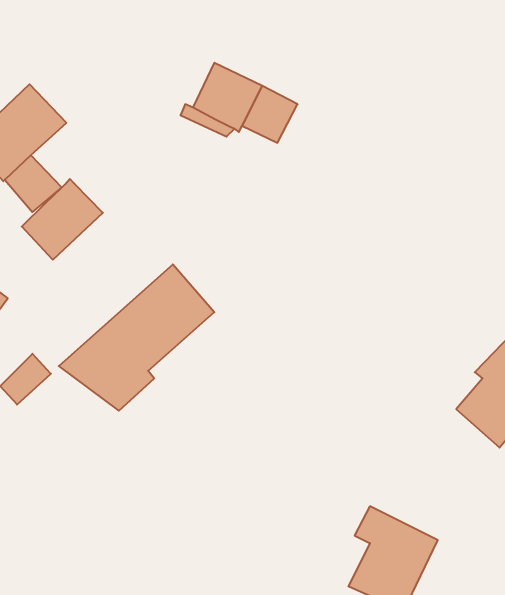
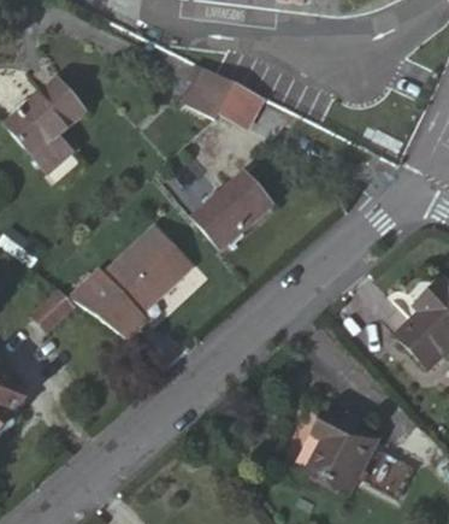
building: [22,179,103,260] -> none
building: none -> [195,172,272,247]

